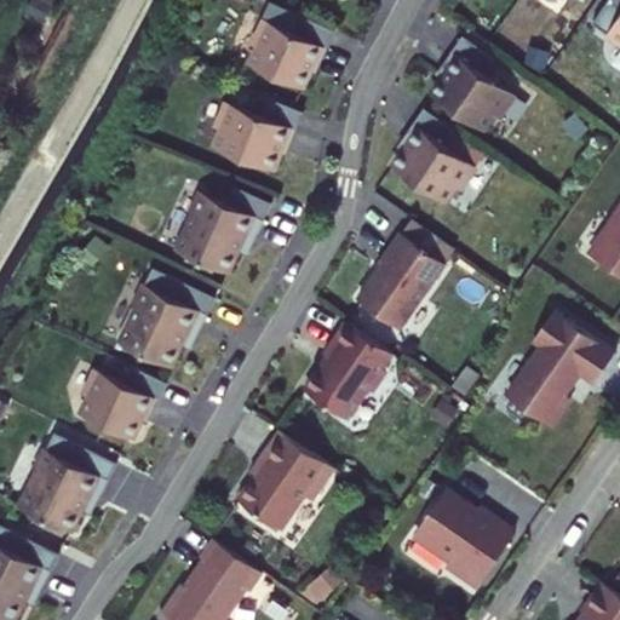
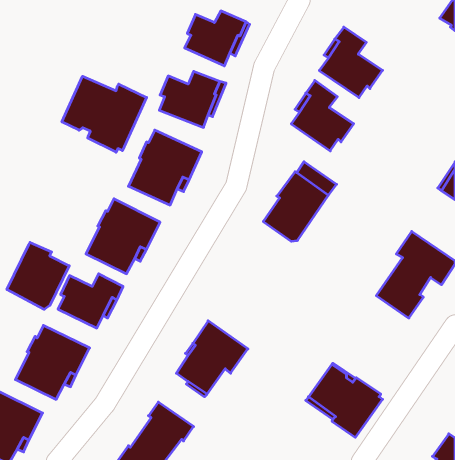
building: none -> [62,76,147,152]
building: [303,323,390,420] -> none
building: none -> [7,242,69,309]

